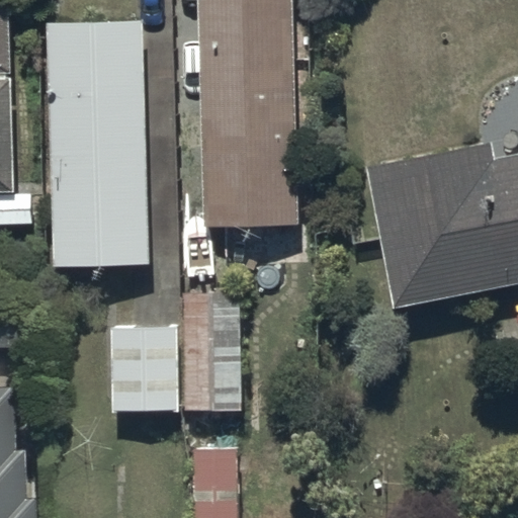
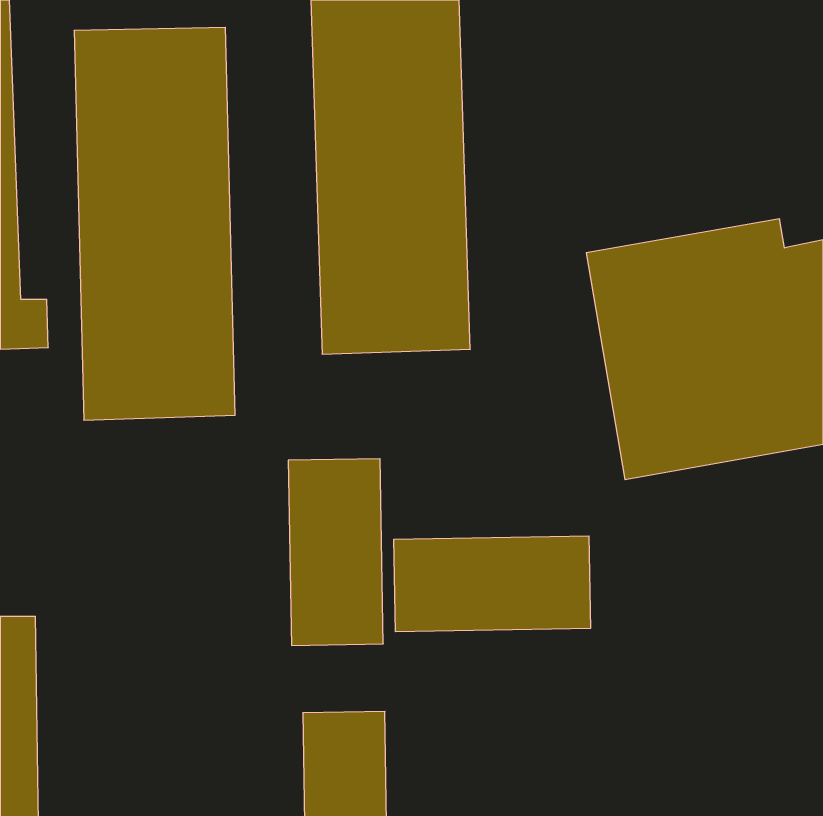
building: [108,325,178,412] -> none
building: none -> [394,536,590,632]

